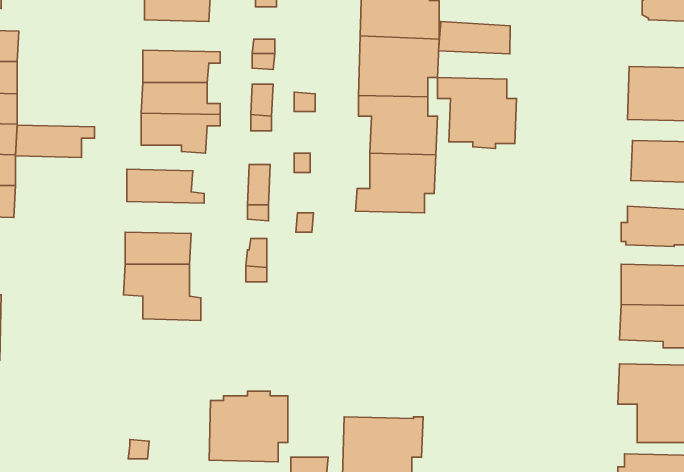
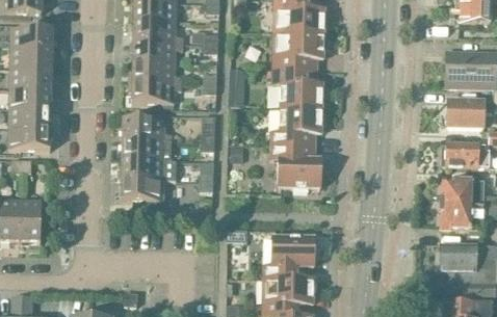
building: none -> [133,21,183,42]
building: [439,22,510,54] -> none
building: [438,78,516,148] -> [270,144,321,190]
building: [16,125,95,157] -> [122,138,173,159]
building: [209,391,288,462] -> [263,233,314,279]

